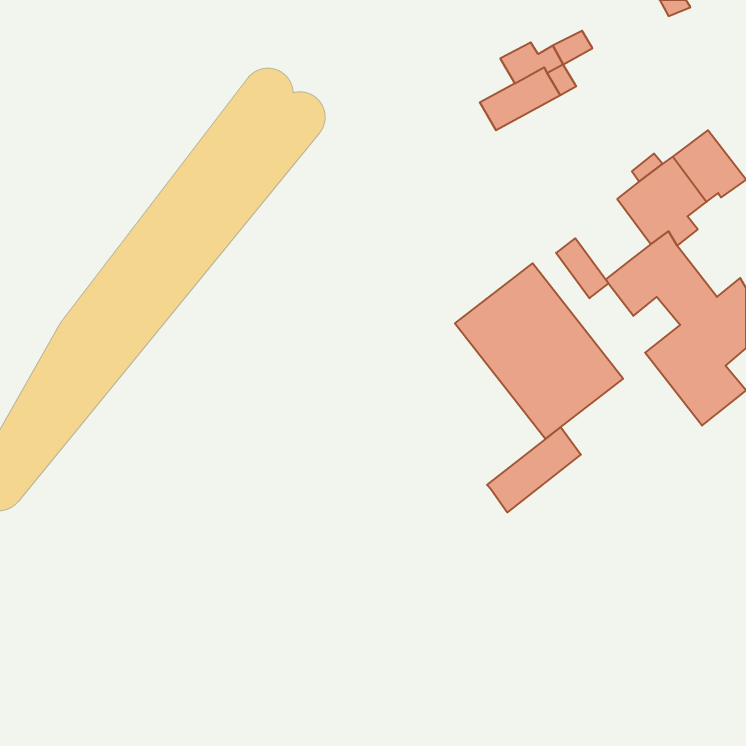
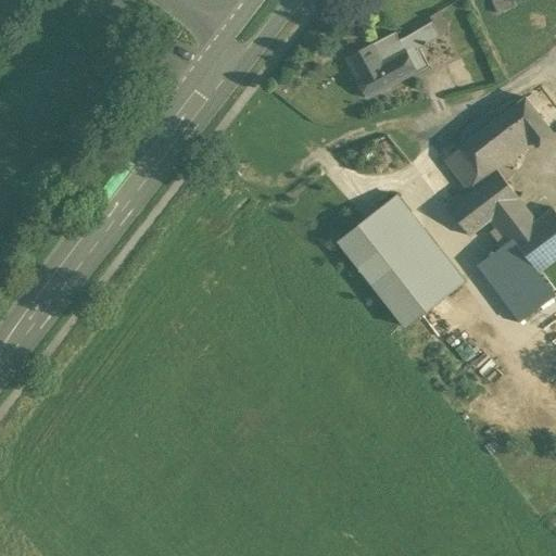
building: none -> [346,45,382,77]
building: [556,238,609,298] -> [444,149,483,193]
building: [487,427,581,512] -> none

